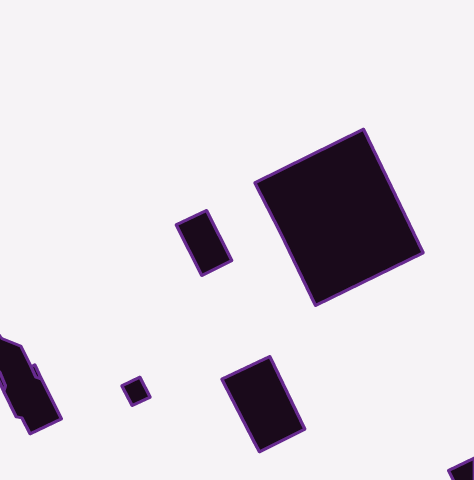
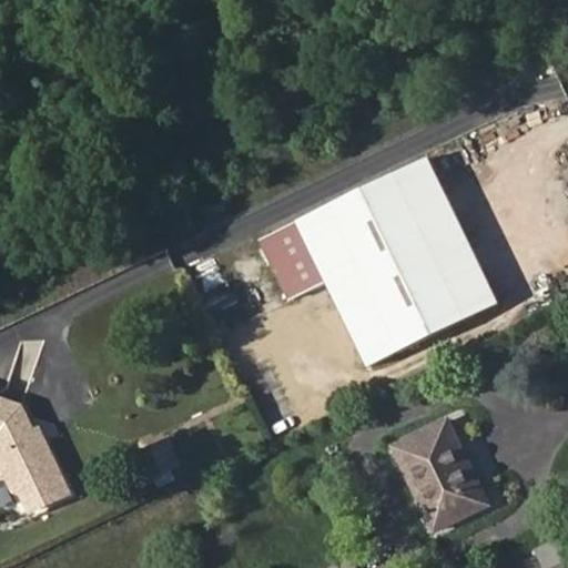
building: [176,211,232,276] -> [264,217,329,294]
building: [222,357,305,452] -> [383,425,480,537]

